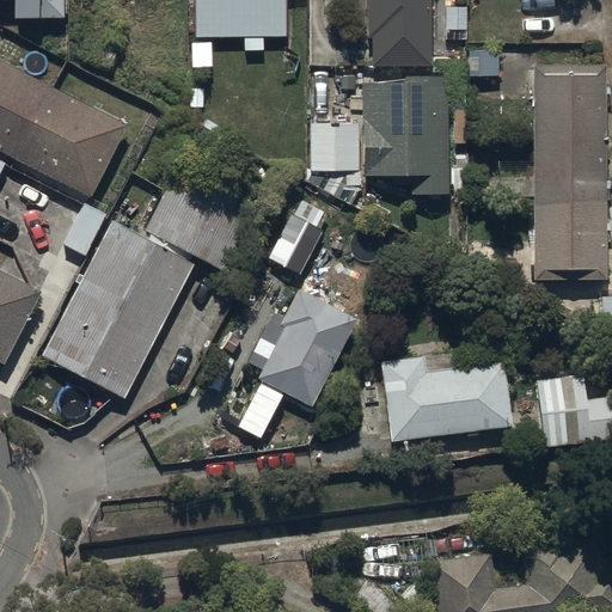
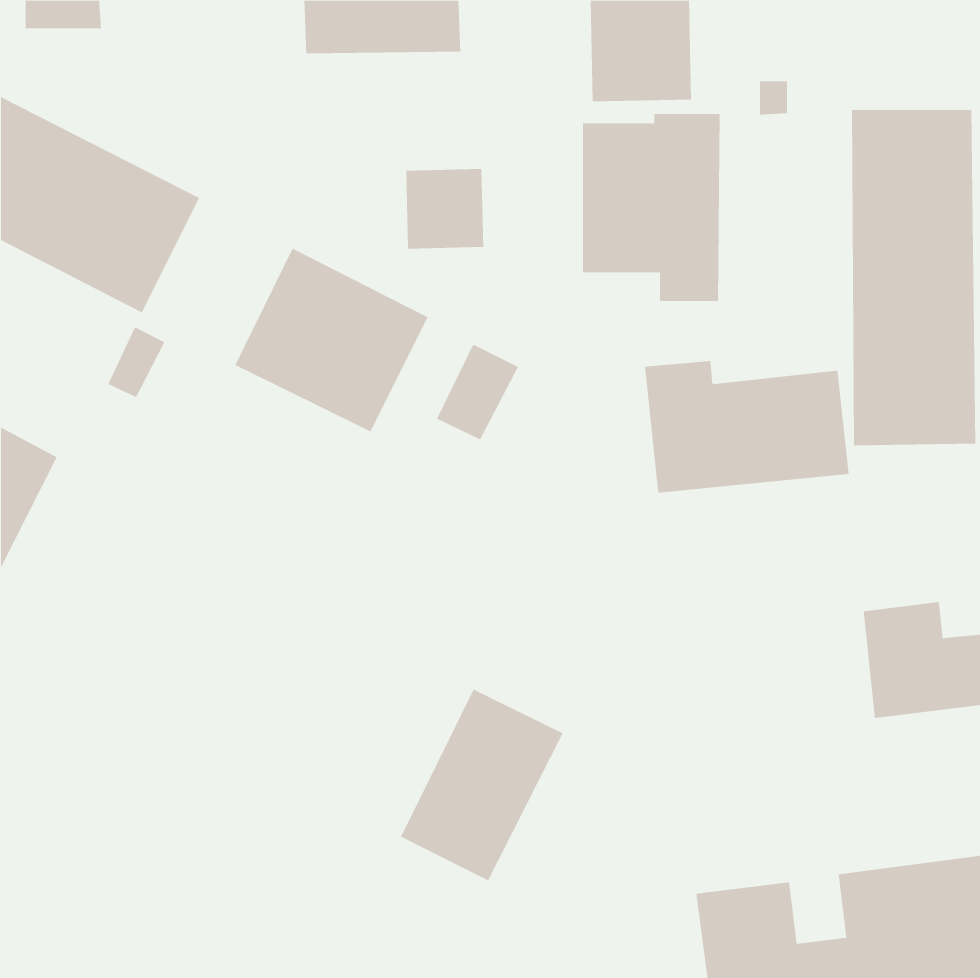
building: [311,121,360,171] -> [405,169,484,249]
building: [47,222,194,398] -> none
building: [258,288,360,408] -> [400,689,563,881]
building: [382,357,510,440] -> [644,361,850,493]

